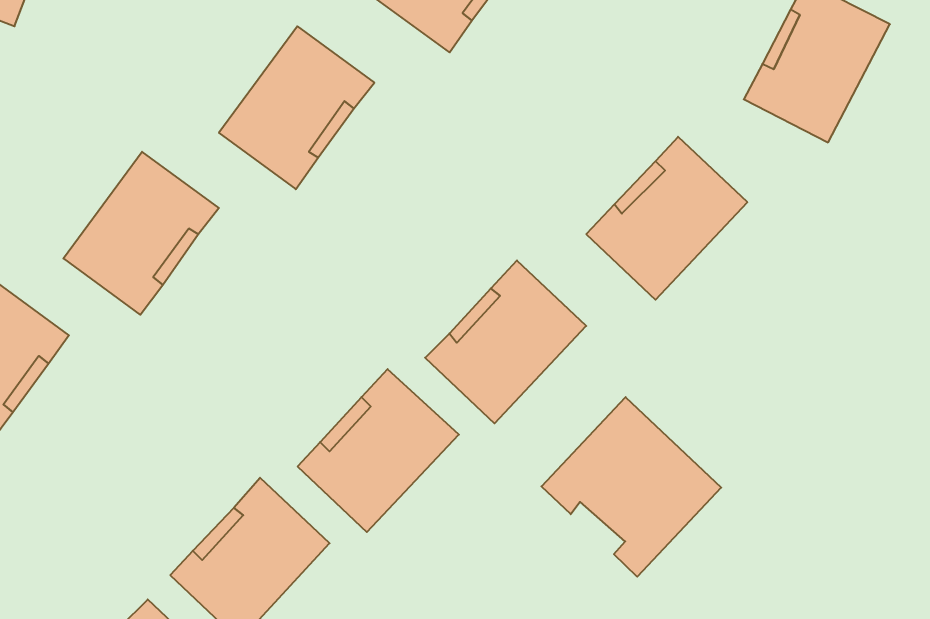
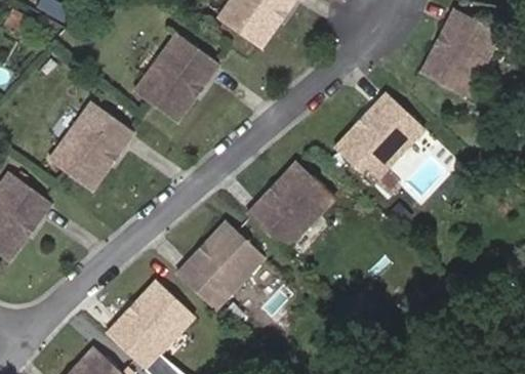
building: [541,397,721,577] -> none

